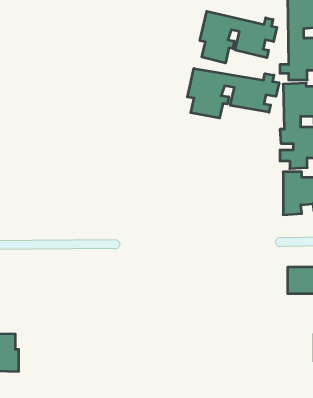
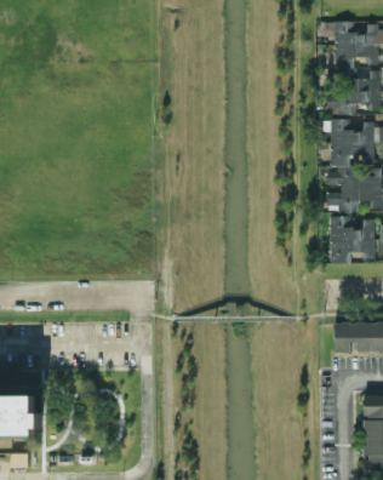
building: [200,11,277,63] -> none
building: [187,68,279,118] -> none

